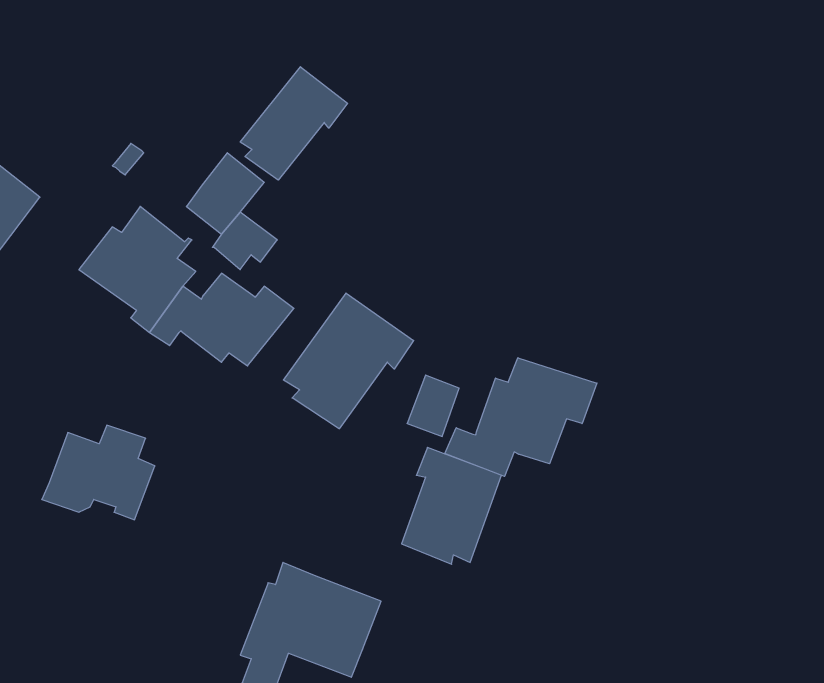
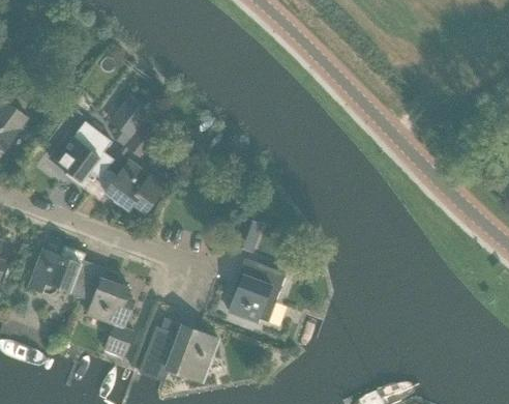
building: [240,67,348,180] -> none
building: [283,293,414,429] -> none
building: [445,358,597,476] -> none
building: none -> [81,267,134,357]

